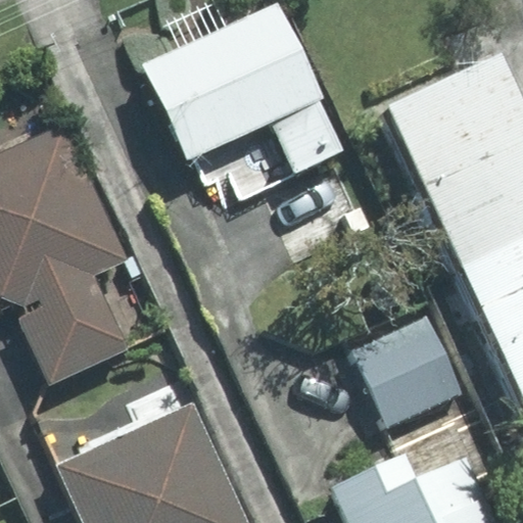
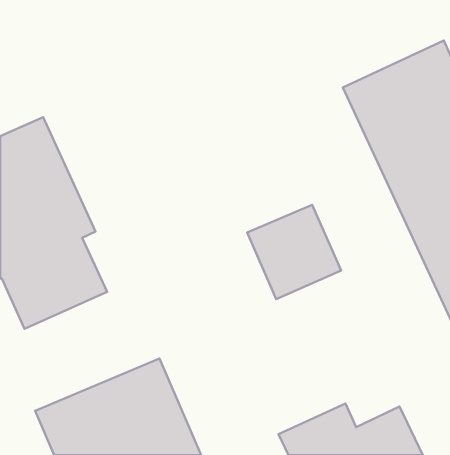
building: [133,12,331,181] -> none
building: [352,323,459,430] -> [247,205,341,299]

